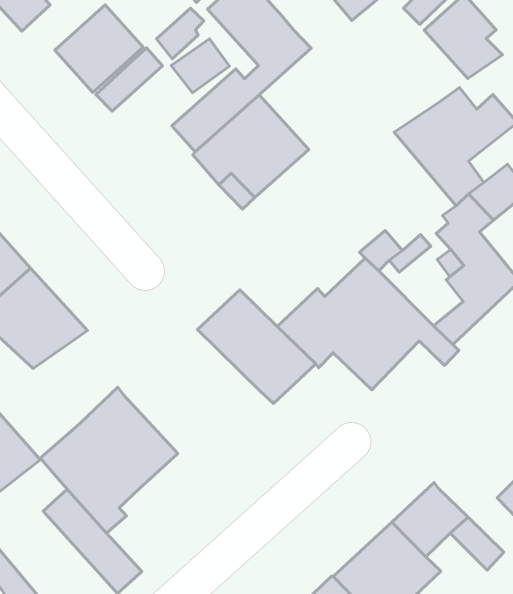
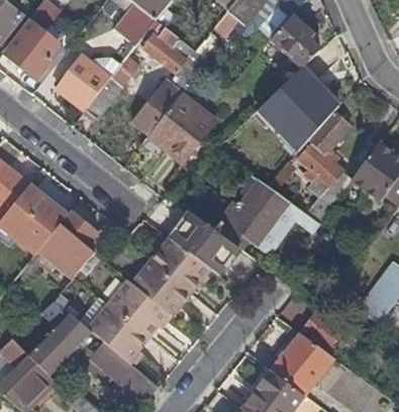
building: none -> [130,237,210,316]

